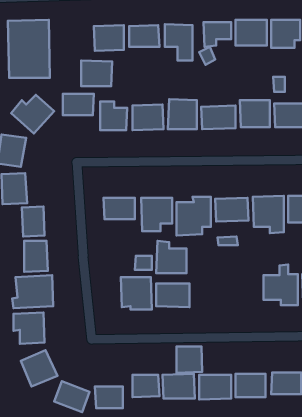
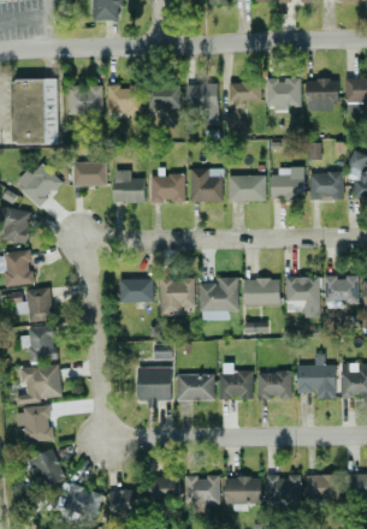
building: [81,60,112,86] -> [67,84,102,113]
building: [156,241,186,273] -> [219,362,253,398]
building: none -> [258,370,292,398]
building: [176,346,202,373] -> none

